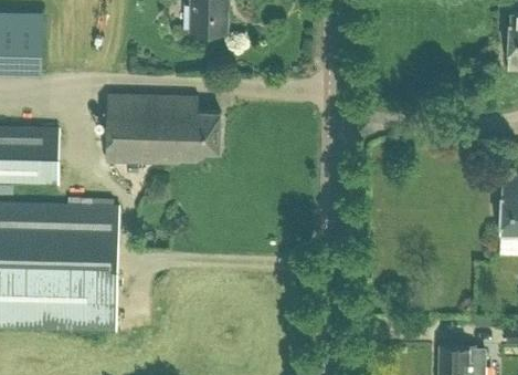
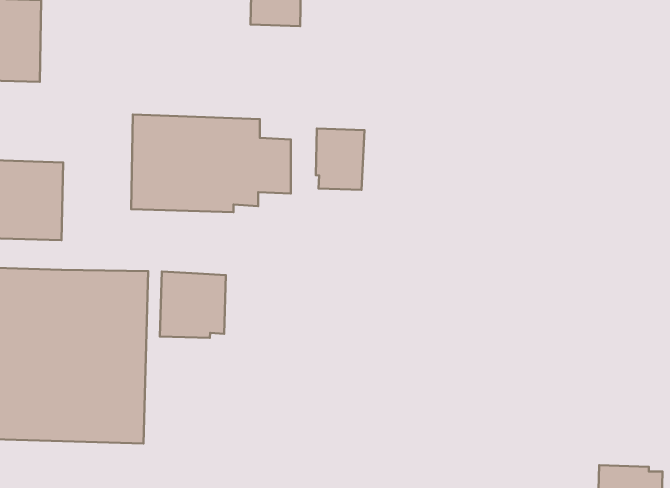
building: none -> [316,129,364,190]
building: none -> [160,272,226,338]

